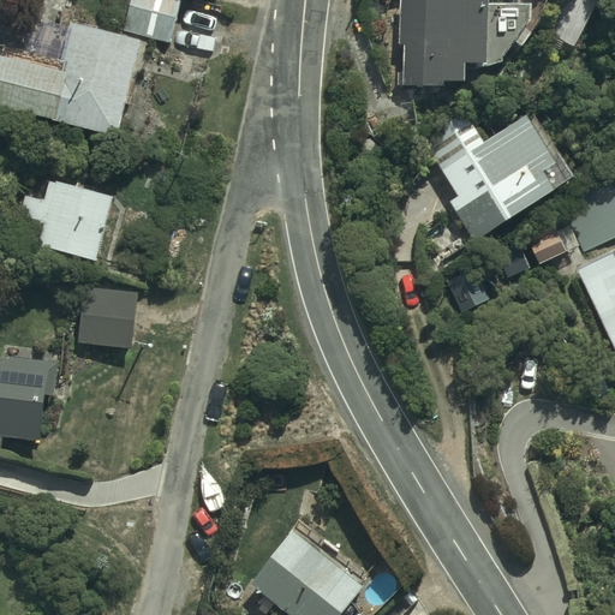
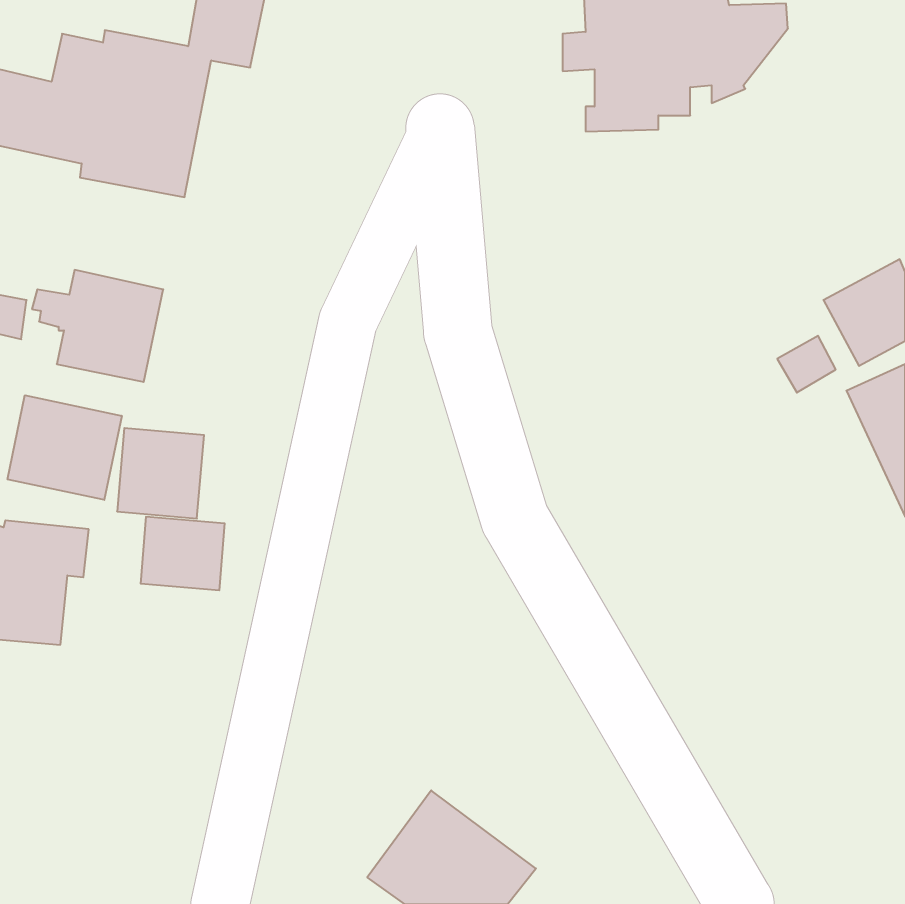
building: [419,115,571,244] -> none
building: none -> [8,395,122,500]
building: none -> [141,517,225,590]

